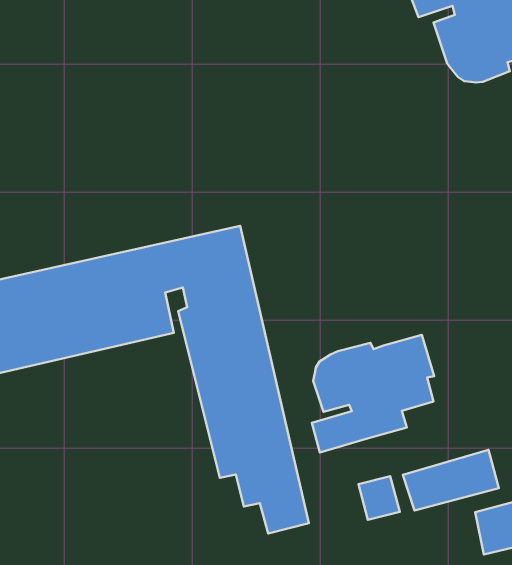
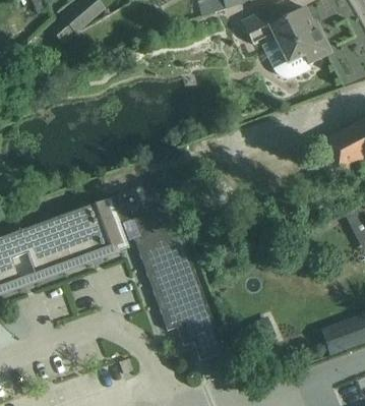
building: [312,335,434,452] -> none
building: [403,450,499,510] -> none

